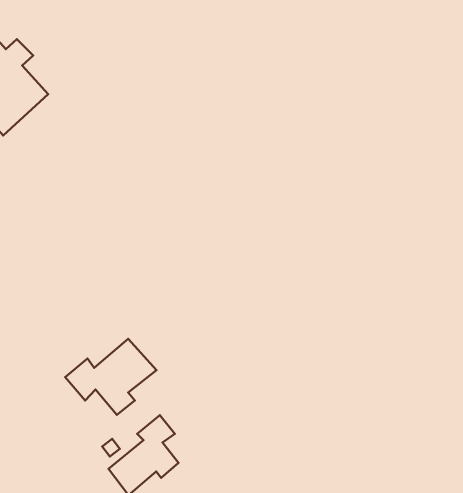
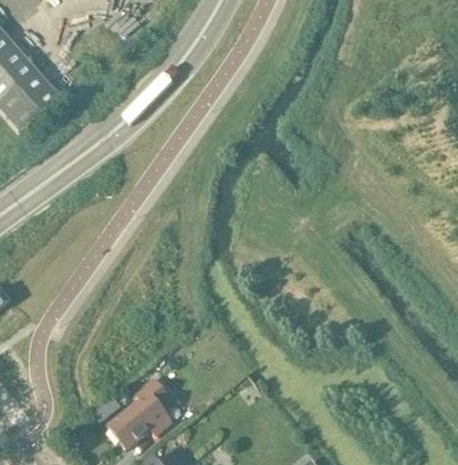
building: [65,339,156,415] -> none

